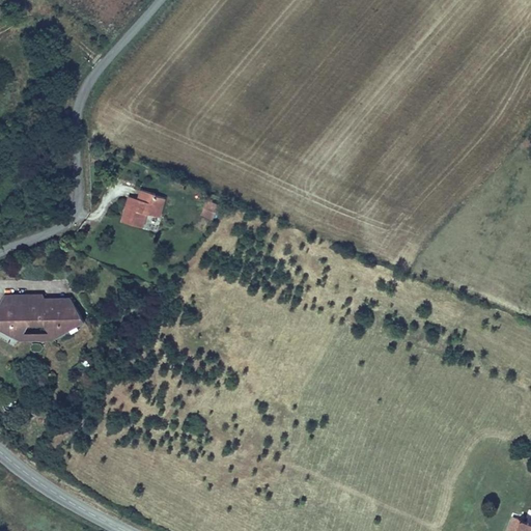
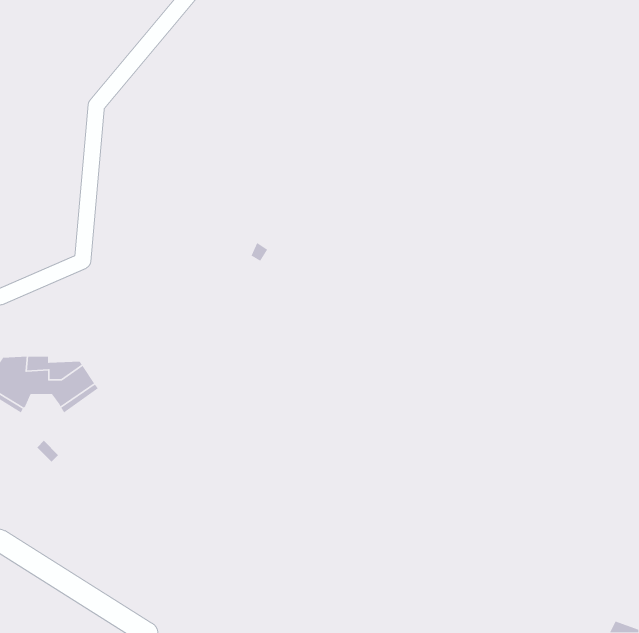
building: [120,190,164,228] -> none

